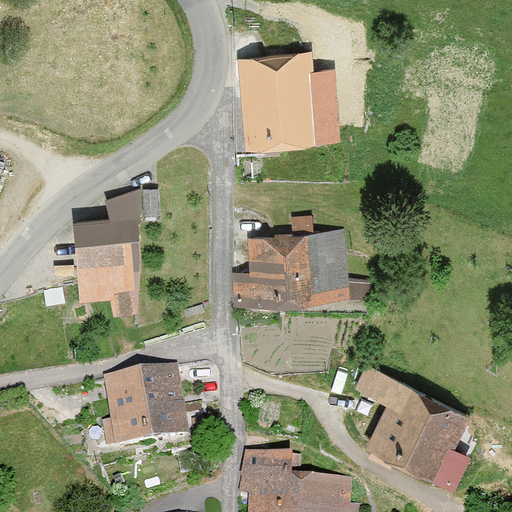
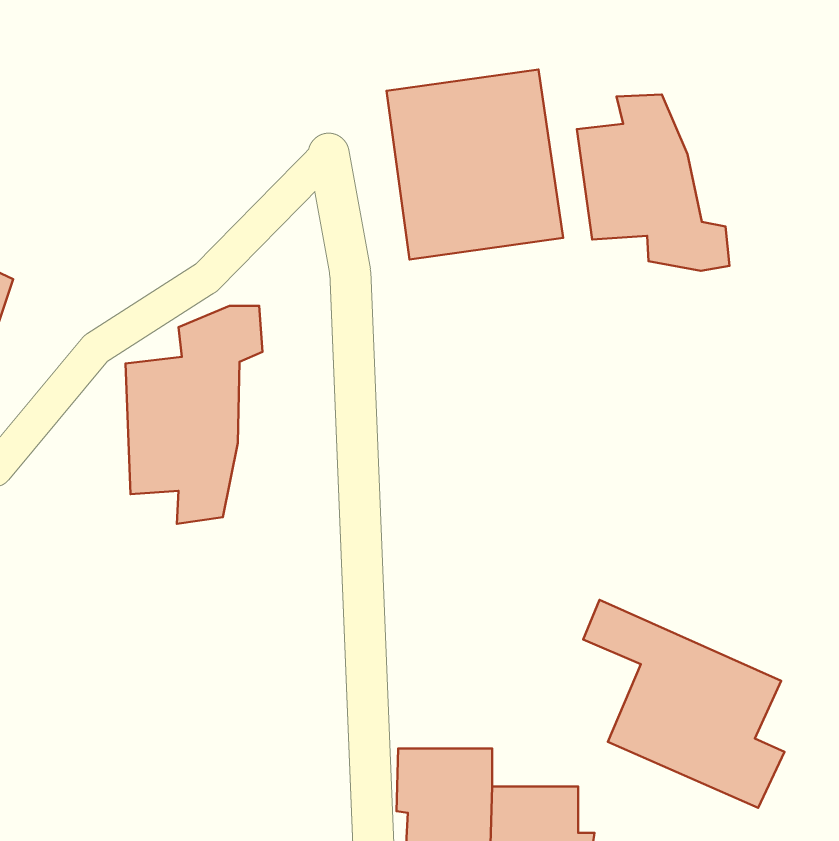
building: none -> [577,94,729,271]
building: [230,230,346,307] -> none
building: [95,367,188,452] -> none

